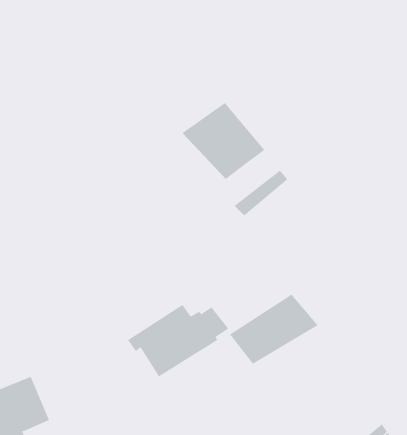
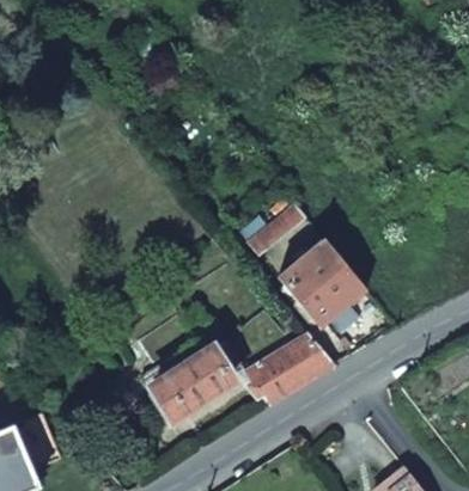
building: [181,102,265,180] -> none
building: none -> [278,237,367,327]

